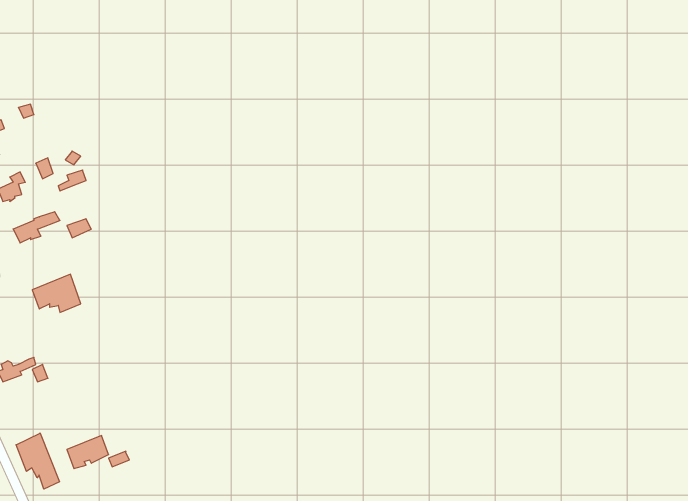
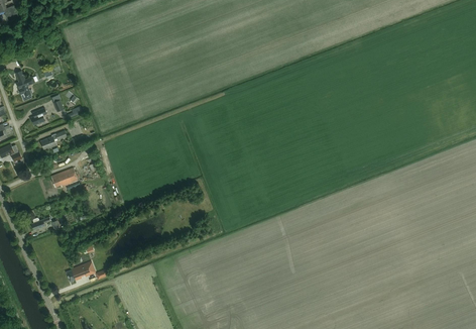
building: [16,433,60,489] -> none

